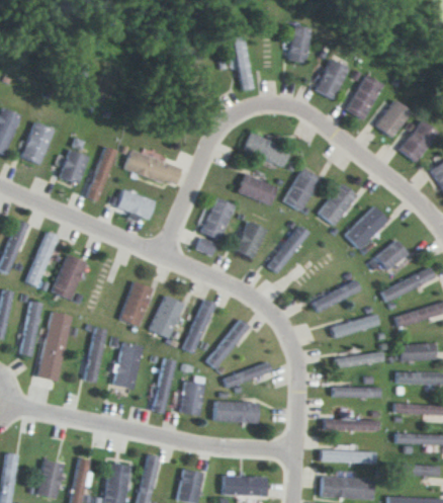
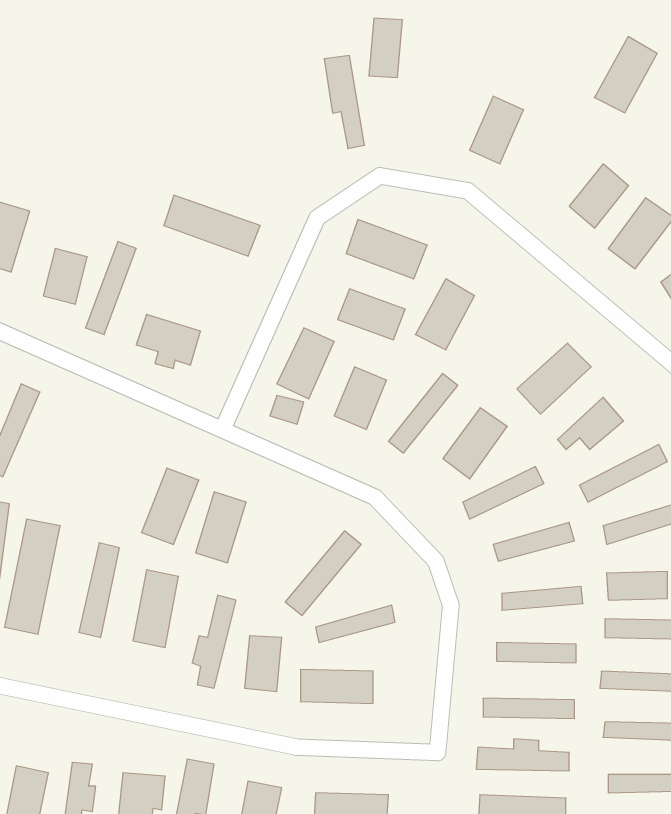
building: [289,26,309,62] -> [369,18,403,77]
building: [345,74,382,119] -> [594,37,657,113]
building: [125,150,183,186] -> [164,195,260,256]
building: [318,183,356,226] -> [443,408,507,479]
building: [52,254,86,300] -> none
building: [184,299,217,353] -> none

